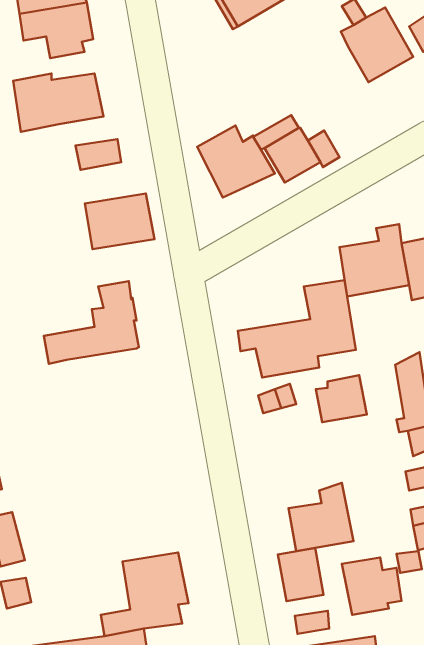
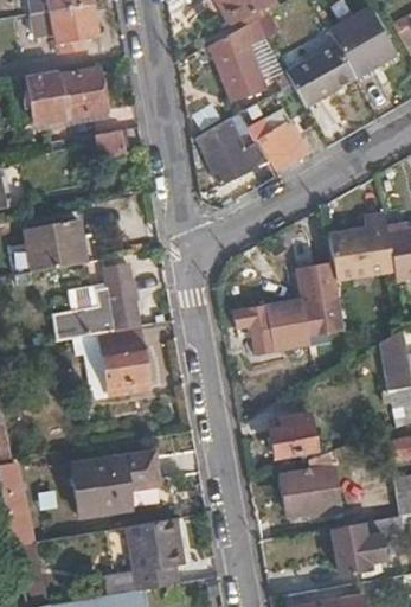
building: none -> [211,18,268,102]
building: none -> [285,44,355,106]
building: [85,193,155,249] -> [24,219,89,271]
building: none -> [73,326,148,400]
building: [316,375,367,422] -> [269,414,316,458]
building: none -> [71,451,161,517]
building: [278,548,323,601] -> none

